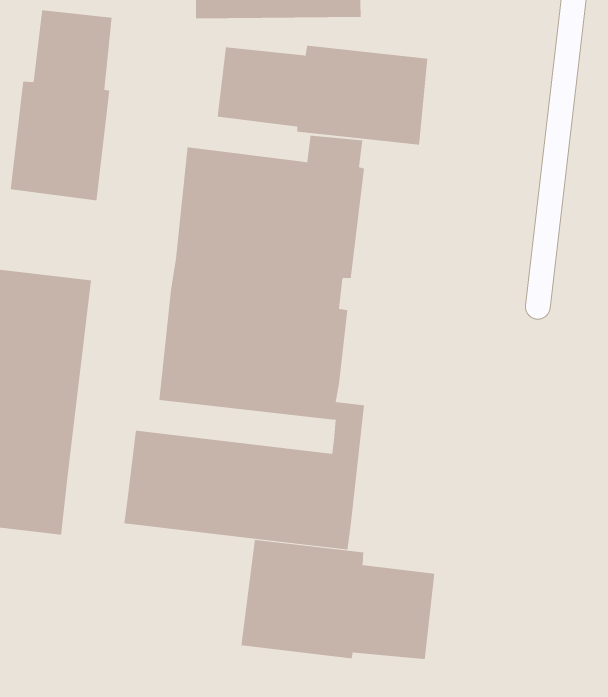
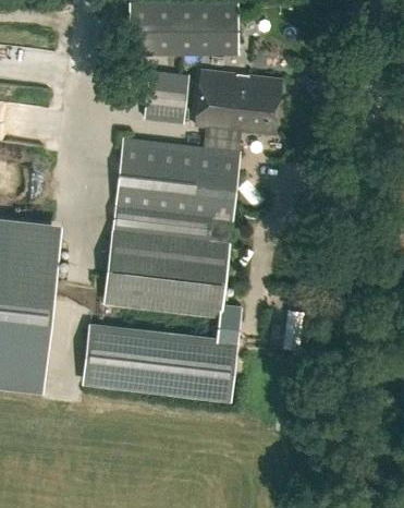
building: [10,10,112,201] -> none
building: [241,539,435,660] -> none

